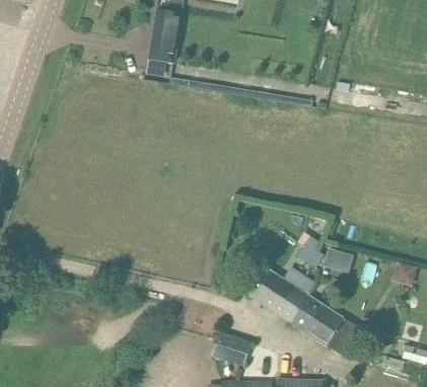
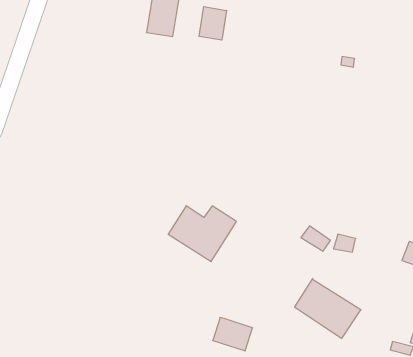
building: none -> [199,7,227,40]
building: [250,268,315,322] -> [168,206,236,262]

